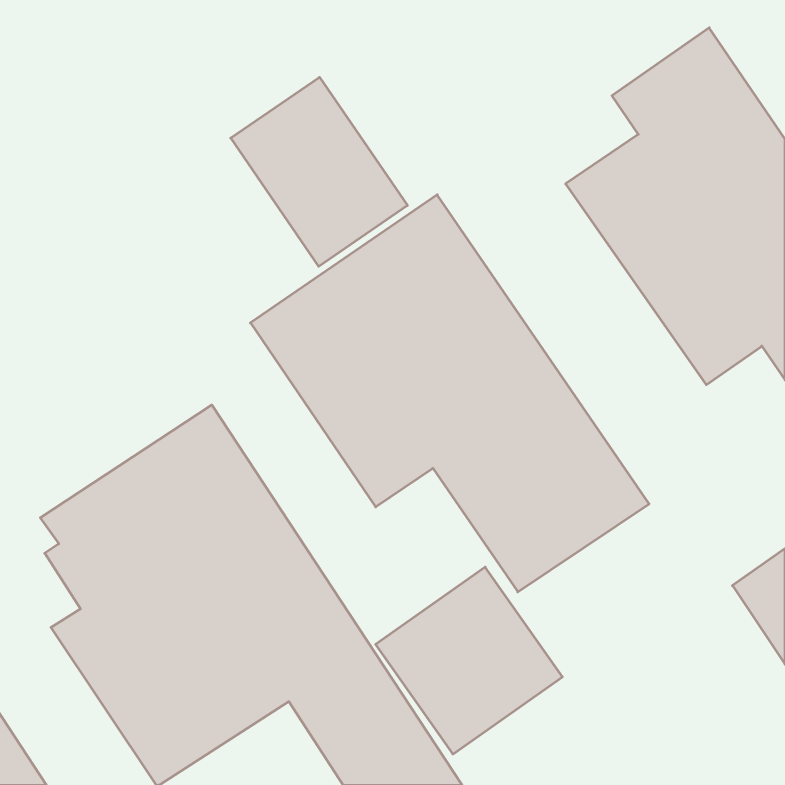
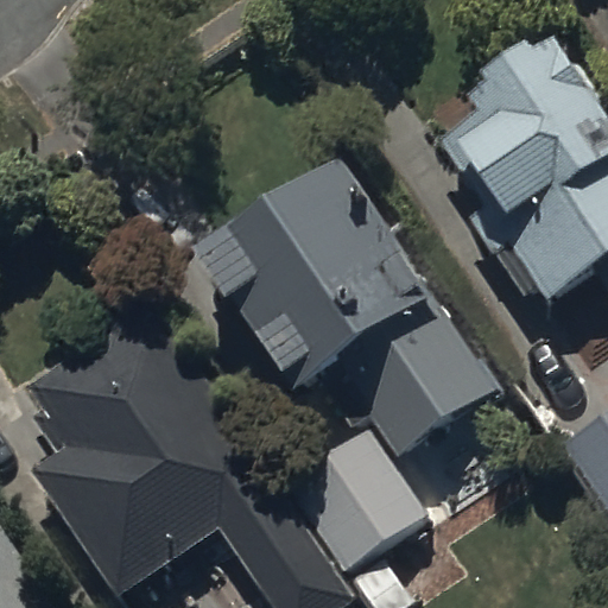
building: [231,77,407,266] -> none

